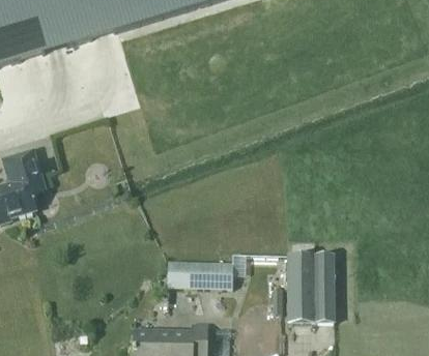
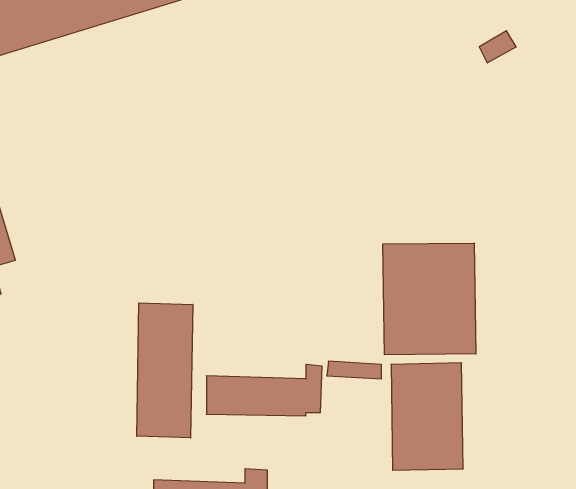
building: none -> [383,243,476,355]
building: none -> [137,303,193,438]

